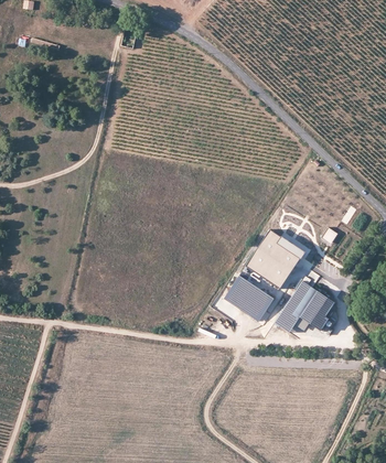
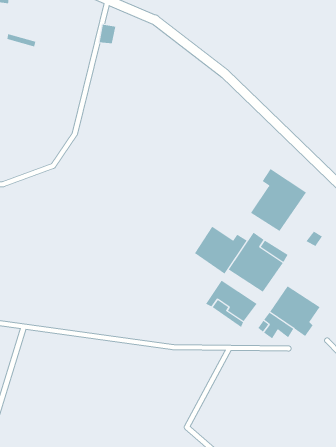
building: none -> [250,168,307,232]
building: none -> [194,226,248,275]

